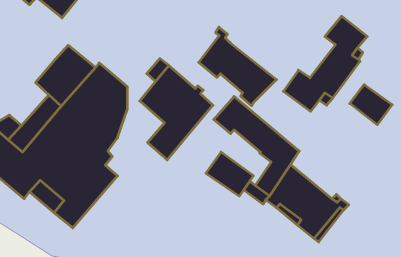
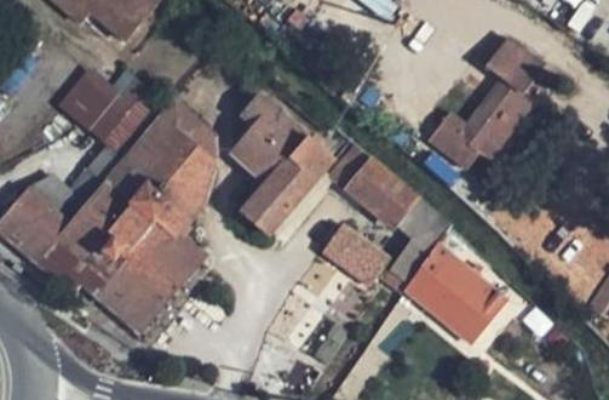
building: [199,27,277,106] -> none
building: none -> [56,73,114,128]
building: [350,85,392,125] -> none

